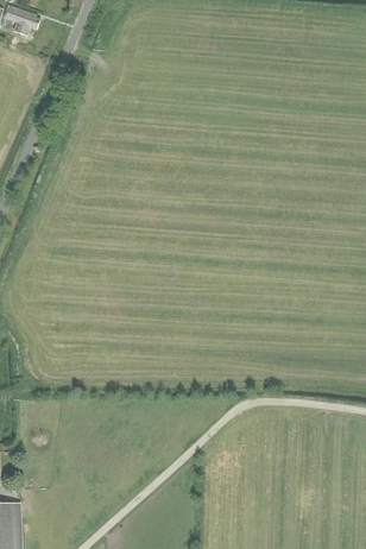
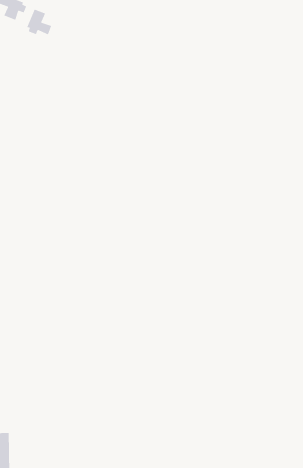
building: none -> [26,8,52,36]

